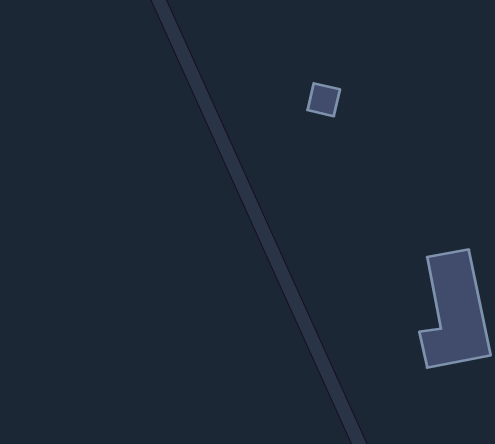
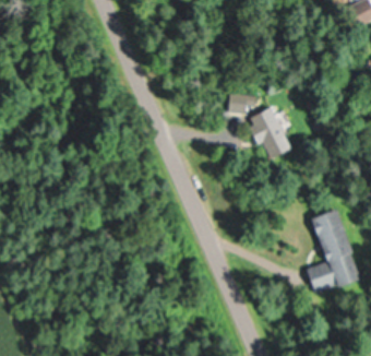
building: none -> [250,107,292,161]

